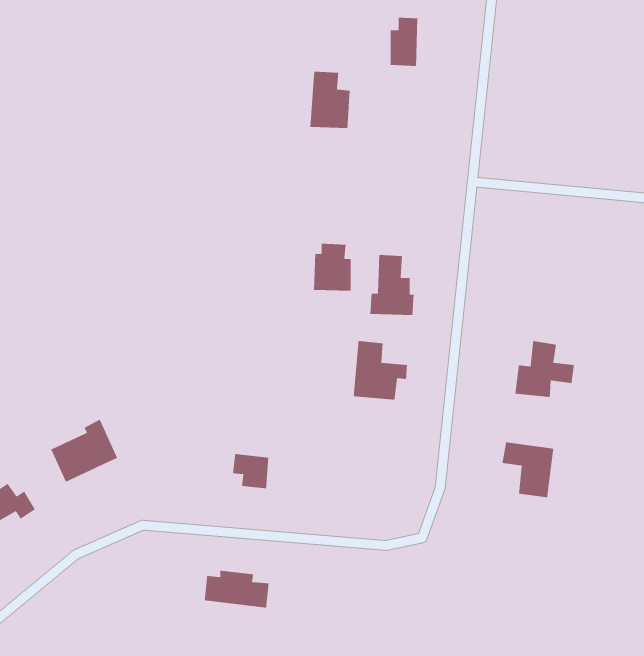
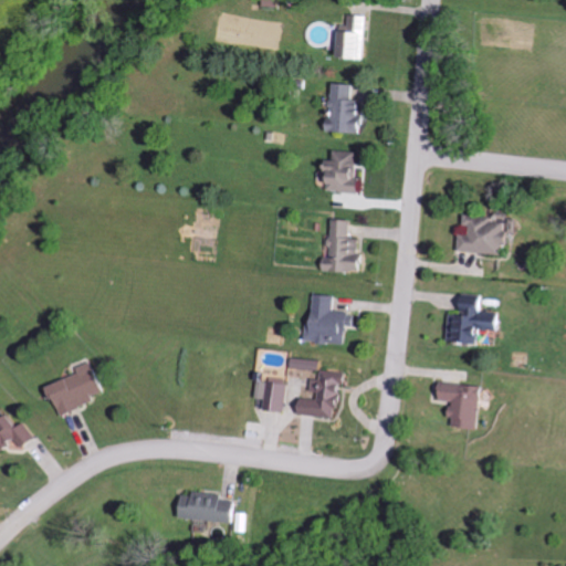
building: [310,71,351,129] -> [324,83,359,133]
building: [313,243,352,292] -> [325,150,358,192]
building: none -> [457,212,504,255]
building: none -> [295,370,340,418]
building: [232,453,269,489] -> [251,380,283,411]

